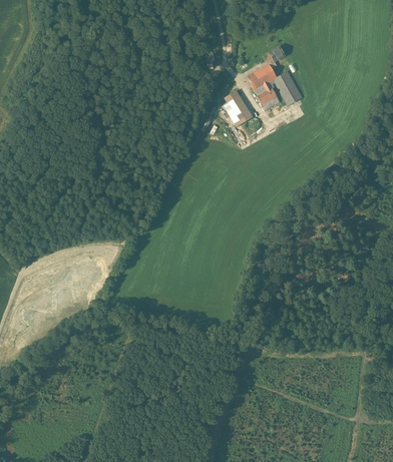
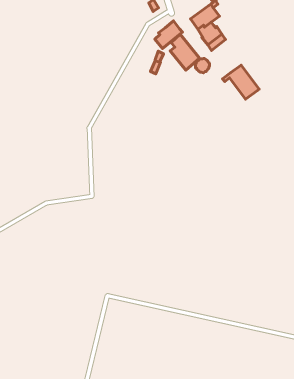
building: [267,70,302,104] -> [223,65,259,99]
building: none -> [155,21,183,48]

